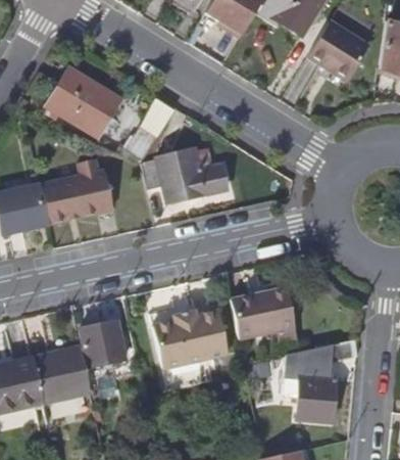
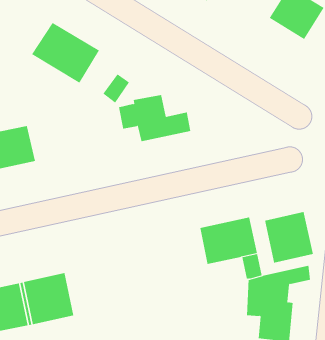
building: [40,156,117,222] -> none
building: none -> [264,211,313,263]
building: [153,309,228,368] -> none
building: [81,317,128,377] -> none

